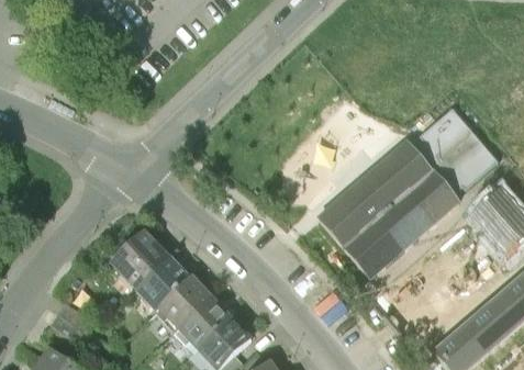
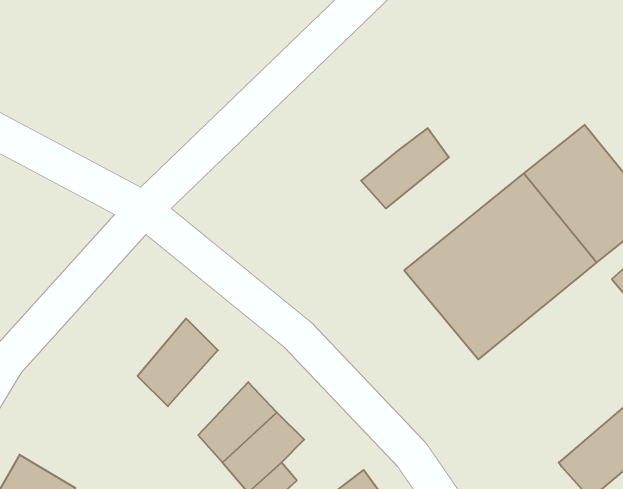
building: none -> [361,128,449,208]
building: [104,223,161,288] -> none
building: [148,269,207,330] -> none

